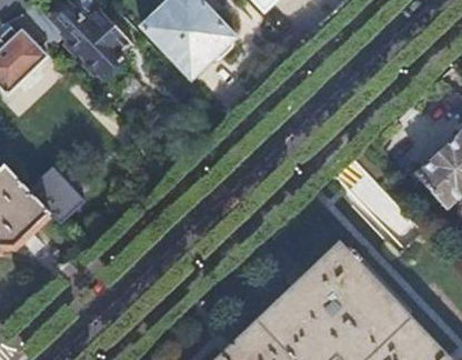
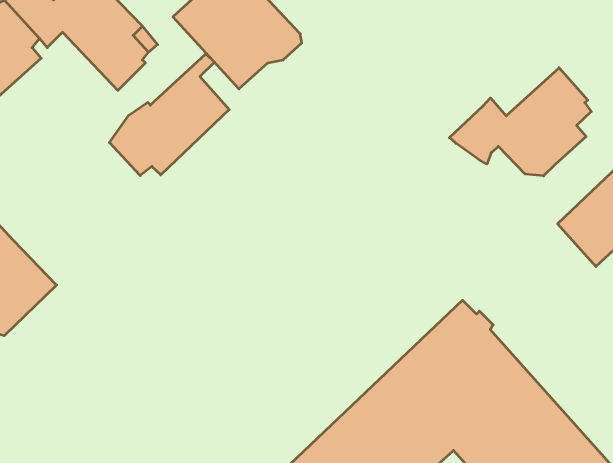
building: none -> [109,54,229,176]
building: none -> [449,68,591,176]
building: [23,166,81,223] -> none

